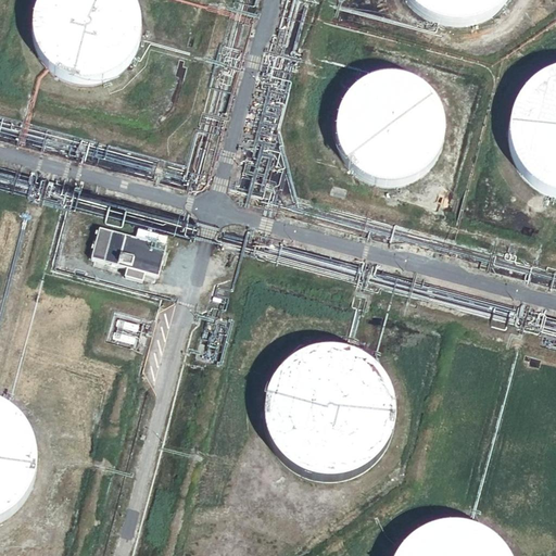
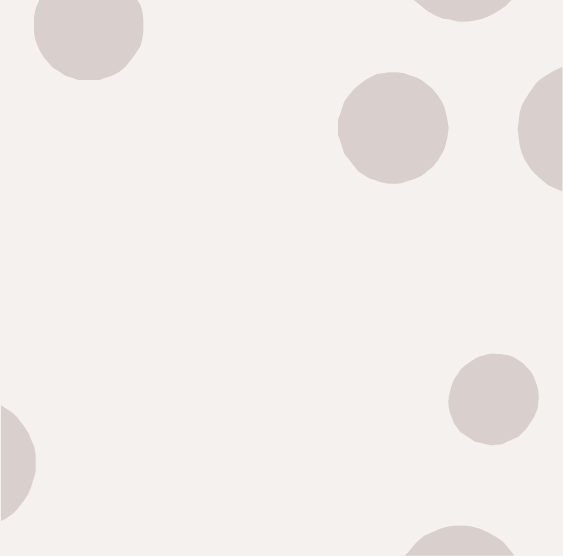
building: [91,223,166,276] -> none
building: [266,344,396,475] -> none
building: none -> [448,353,539,446]

